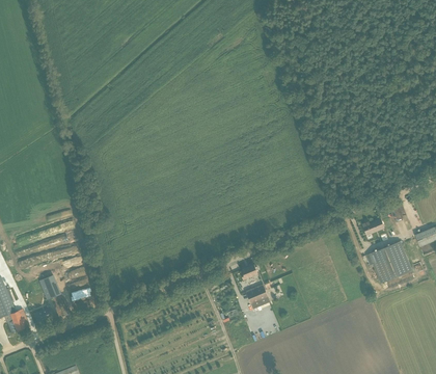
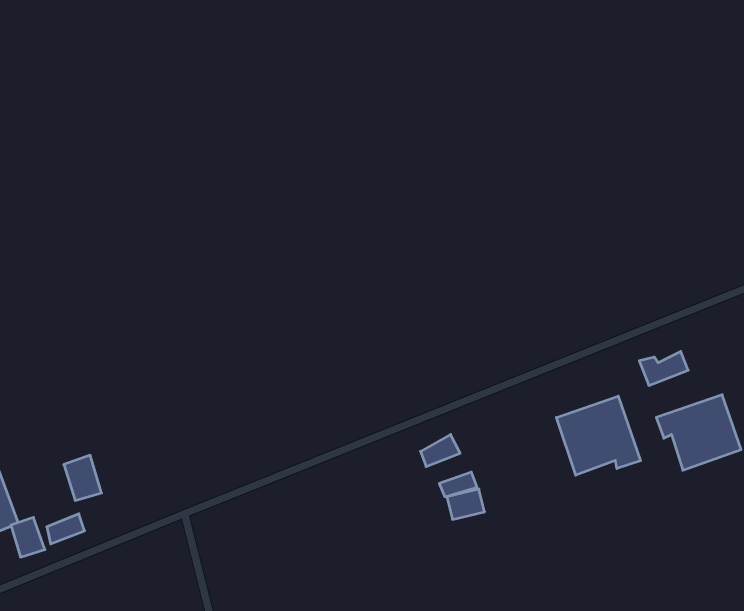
building: none -> [556,396,641,475]

